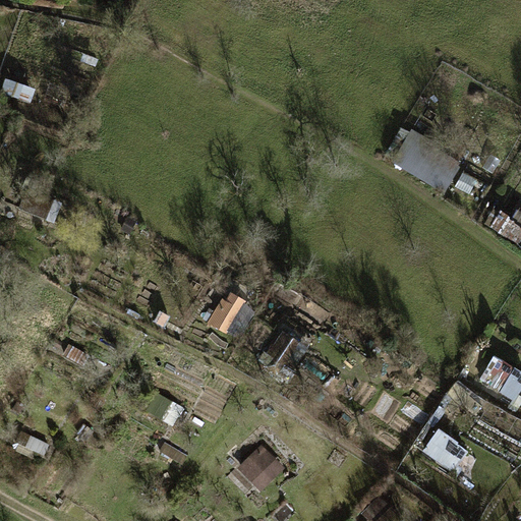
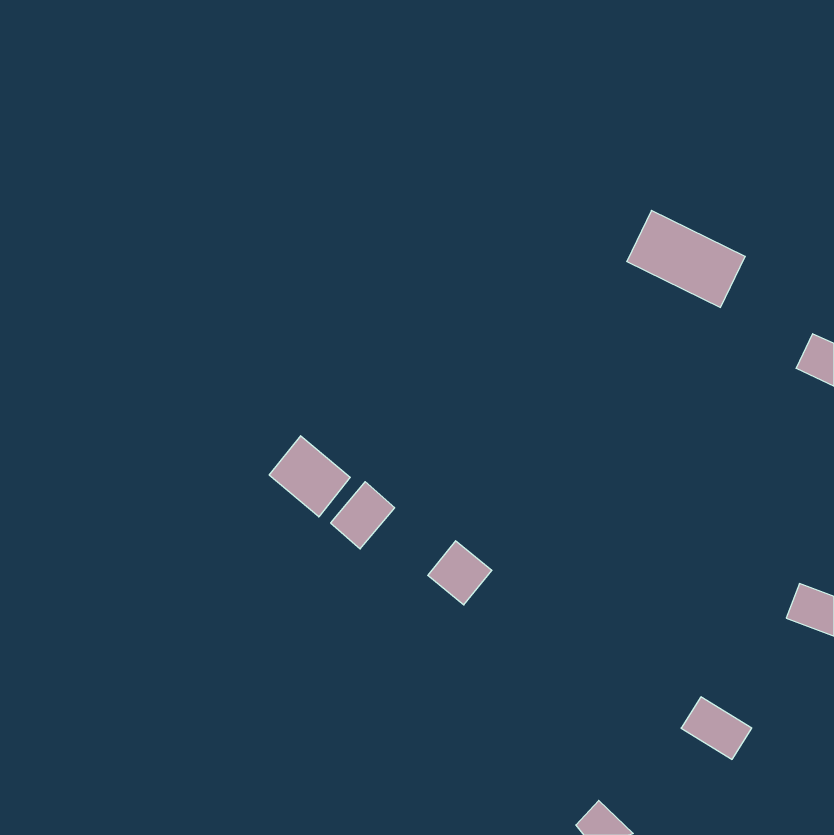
building: none -> [269,436,350,517]
building: [236,443,285,491] -> none

